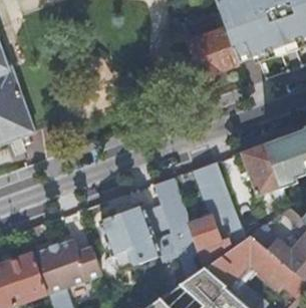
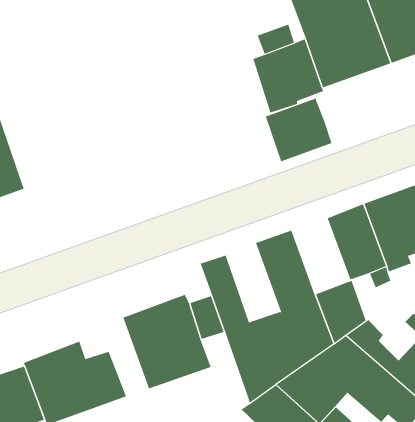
building: none -> [265,97,332,162]

